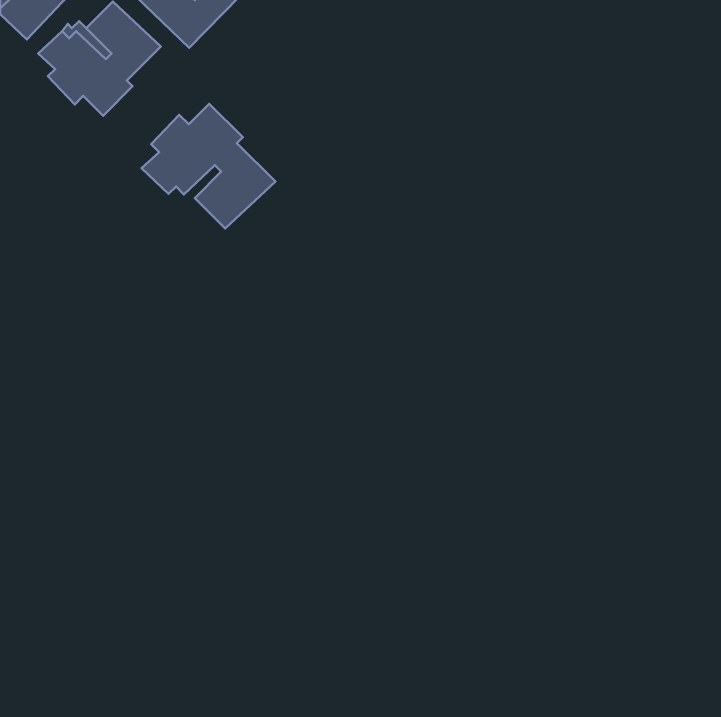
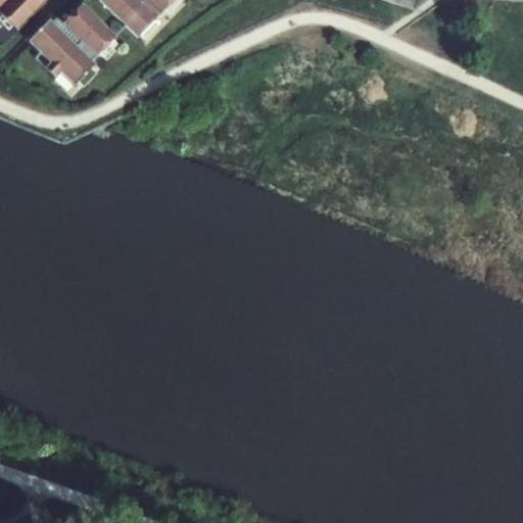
building: [142,104,275,228] -> none

